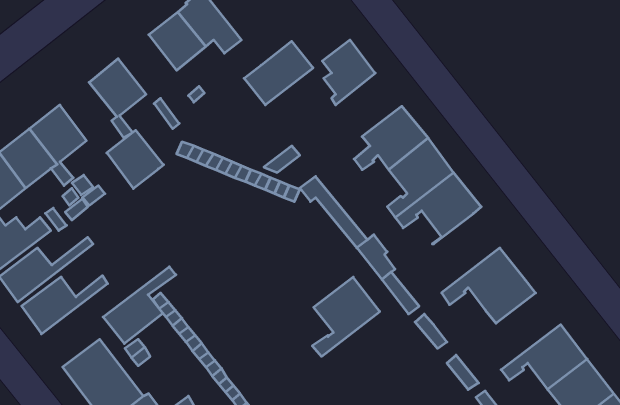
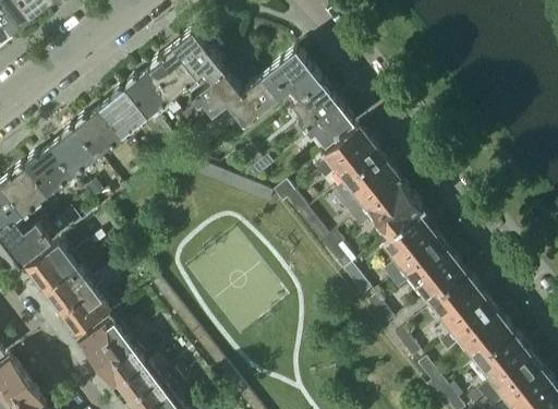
building: none -> [268,50,316,96]
building: none -> [125,69,173,118]
building: none -> [193,73,243,117]
building: none -> [288,100,356,147]
building: [107,130,164,189] -> [77,108,124,156]
building: [103,267,176,344] -> [62,274,122,337]
building: [312,277,380,356] -> [384,216,439,281]
building: none -> [434,281,489,345]

